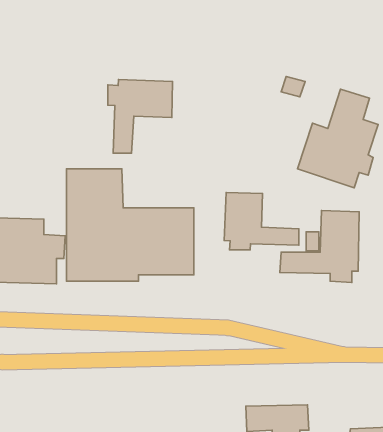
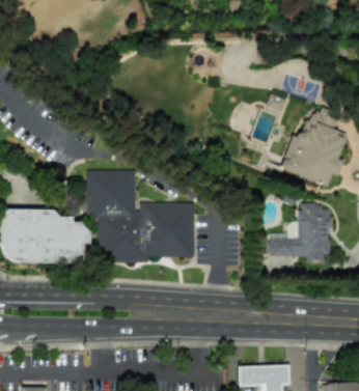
building: [108,80,173,153] -> none
building: [224,193,299,250] -> none

